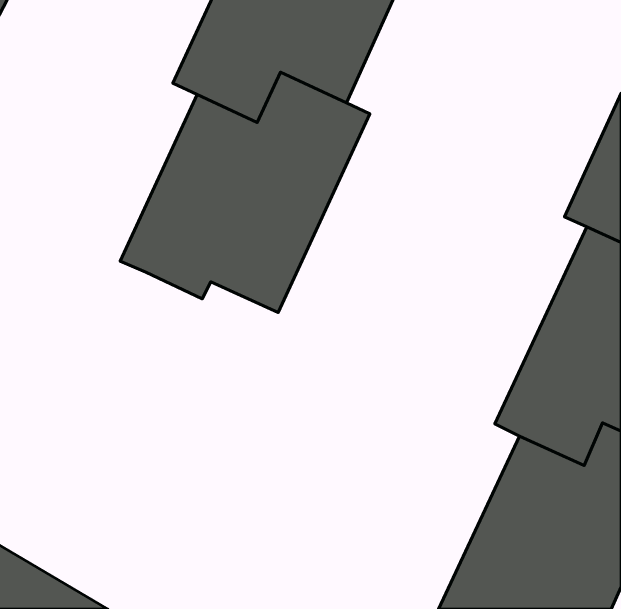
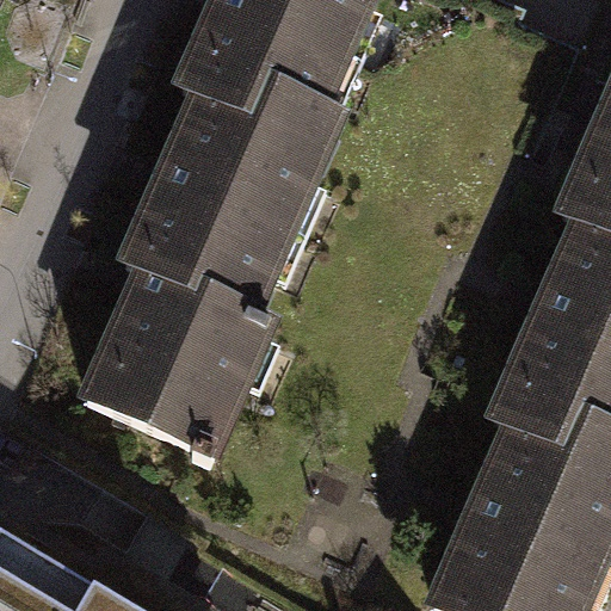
building: none -> [79,265,291,465]

